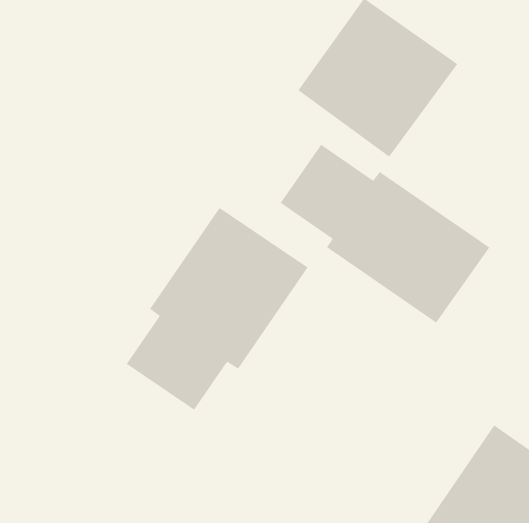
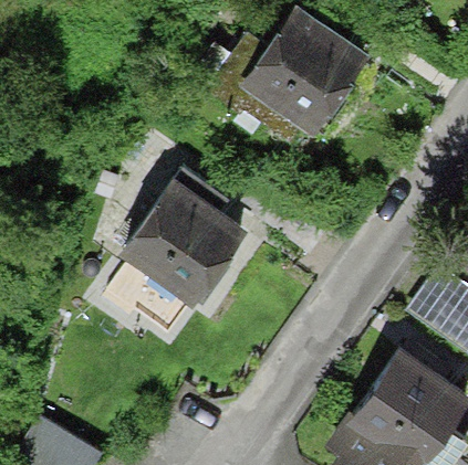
building: [280,144,490,324] -> none

